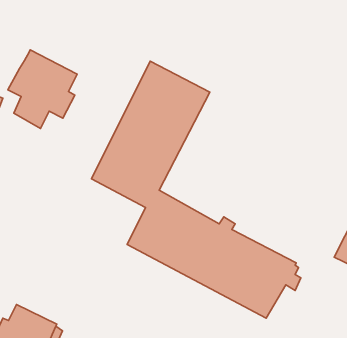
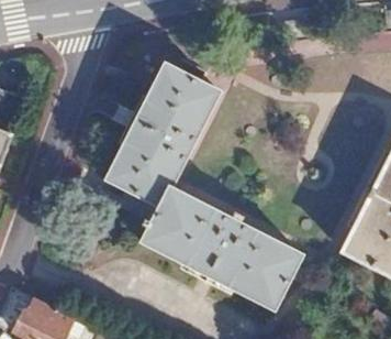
building: [8,50,77,129] -> none

